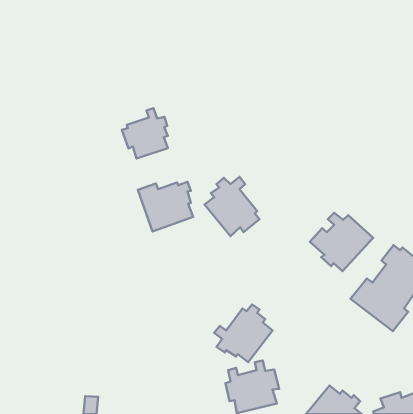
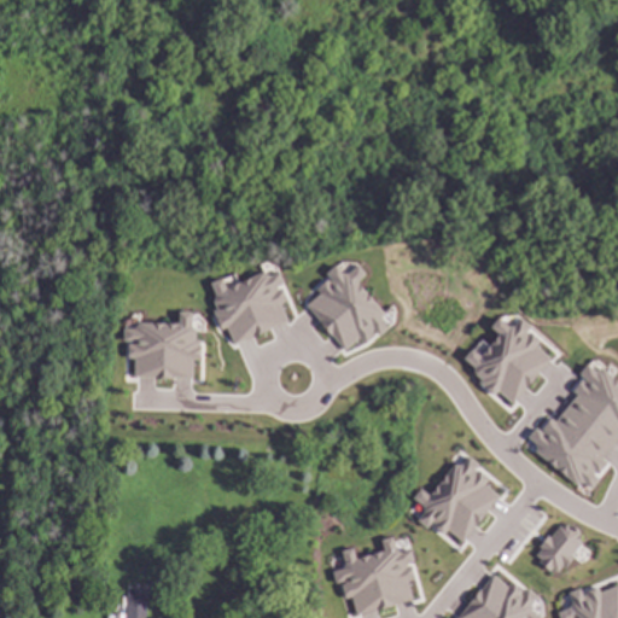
building: [122,108,168,159] -> none
building: none -> [123,311,198,379]
building: [214,305,273,362] -> [413,456,500,542]
building: none -> [535,519,585,575]

